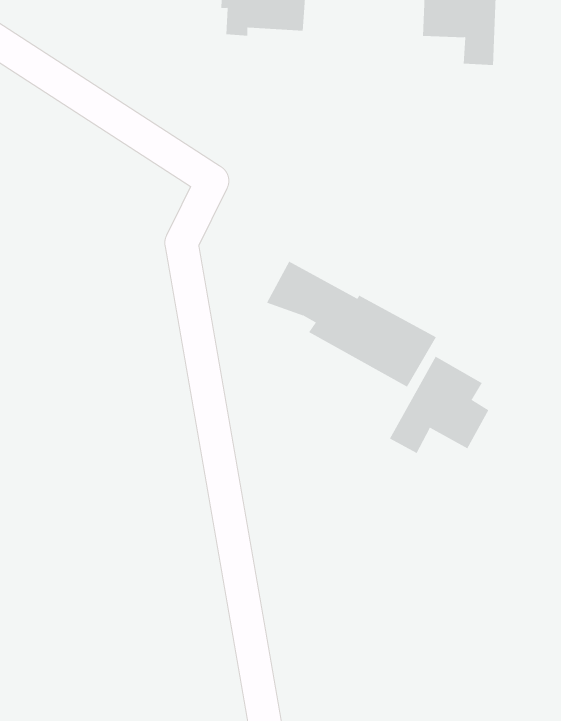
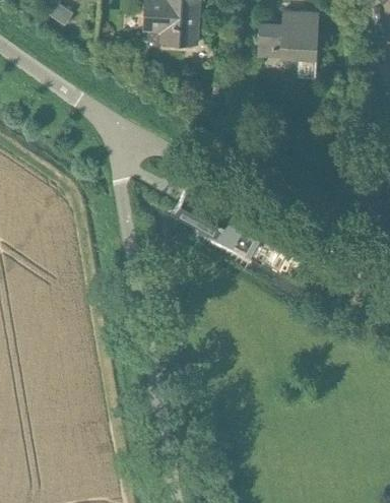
building: [389,356,489,454] -> none

